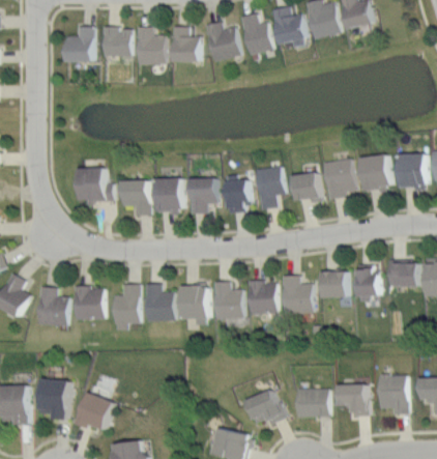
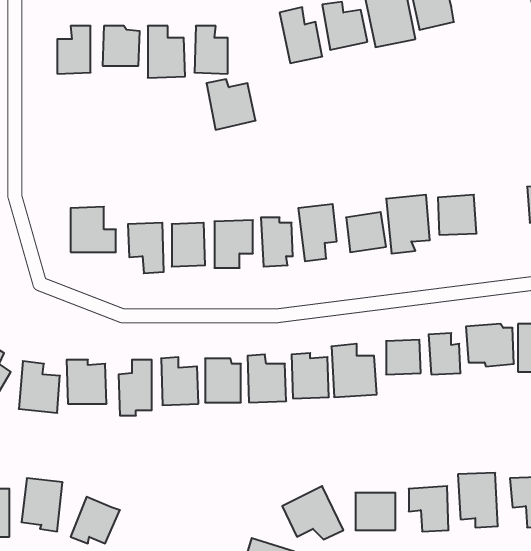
building: [203,22,241,61] -> [206,79,256,130]
building: [398,152,426,187] -> none

